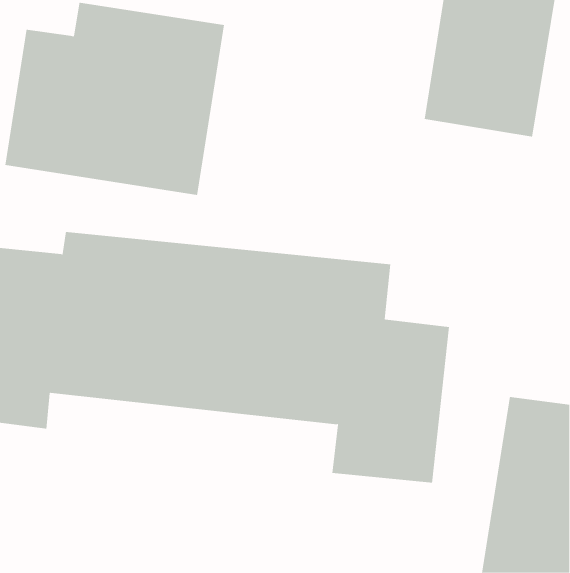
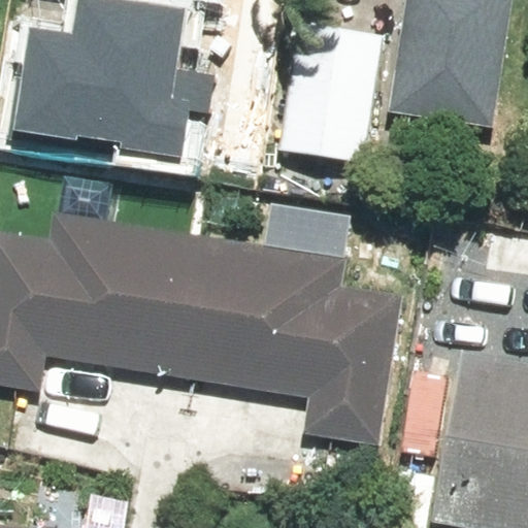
building: none -> [285,31,377,162]

